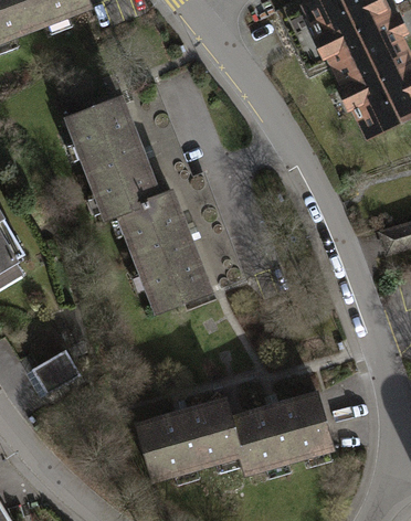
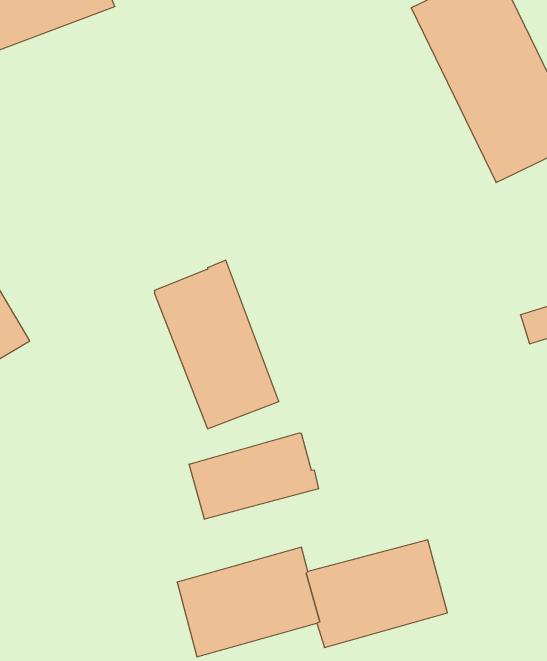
building: [67,97,158,220] -> none
building: none -> [189,433,319,519]
building: [32,354,81,400] -> none

